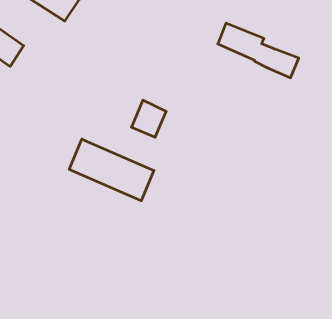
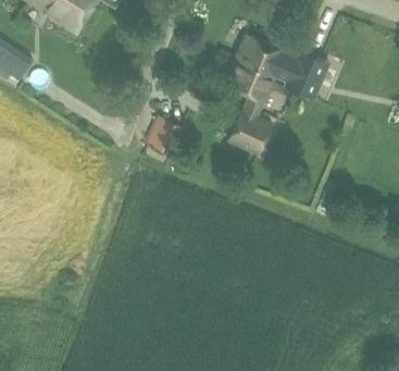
building: none -> [224,55,275,153]
building: [69,139,154,201] -> none

